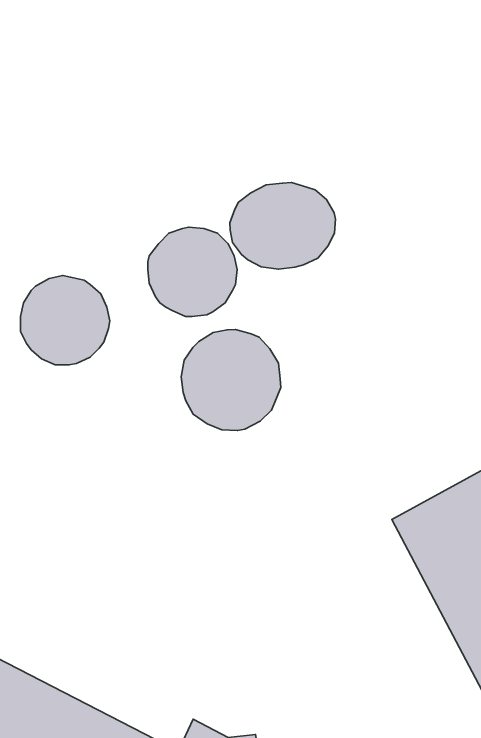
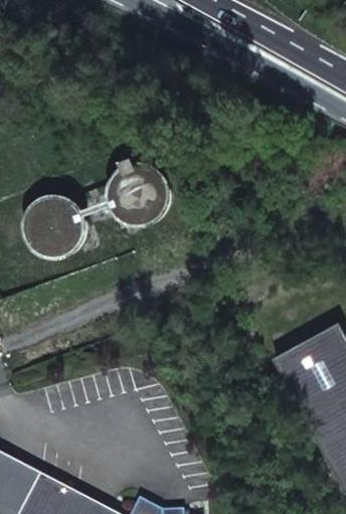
building: [230,182,336,269] -> none
building: [181,329,281,430] -> none

